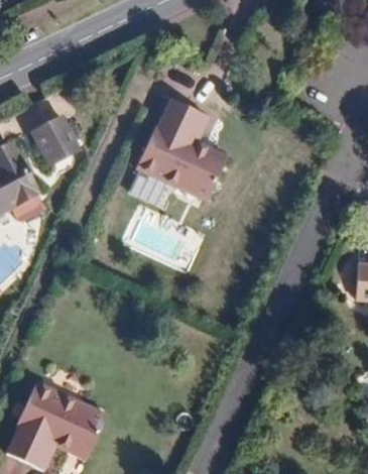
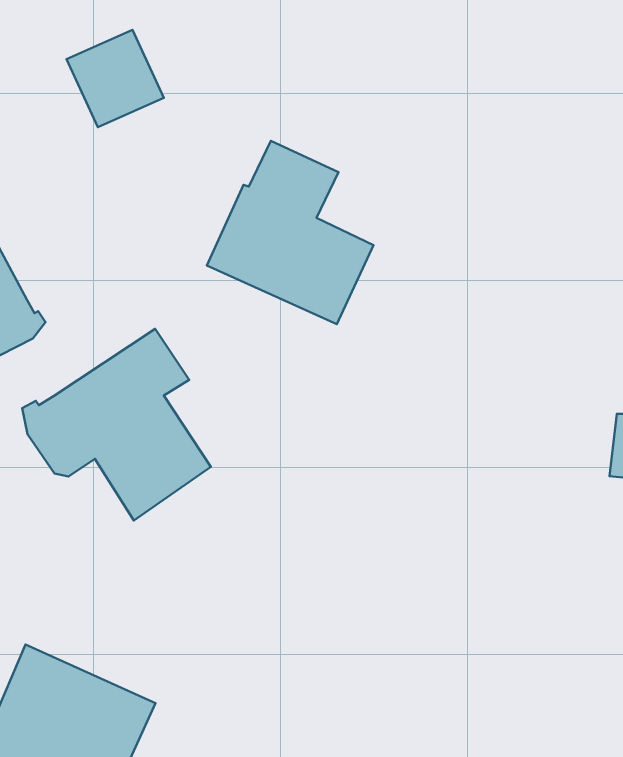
building: [32,111,86,164] -> [67,30,164,127]
building: none -> [22,329,211,521]

